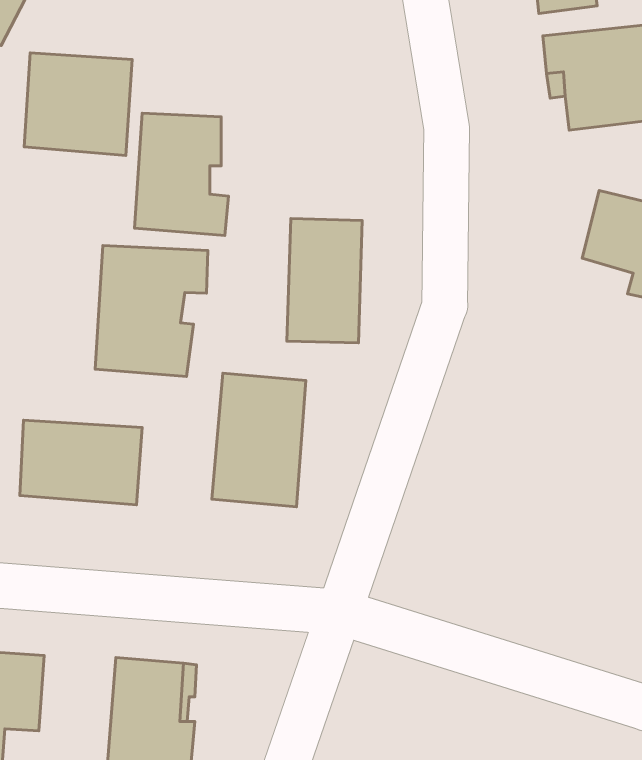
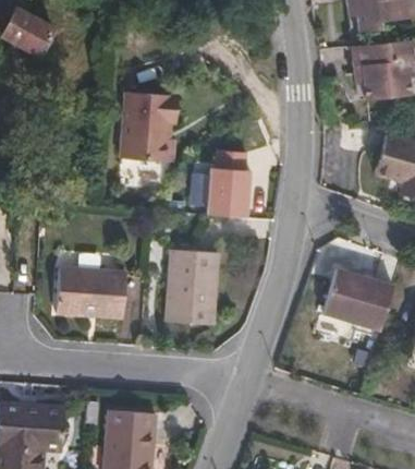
building: [24,53,132,155] -> none
building: [95,246,208,377] -> none
building: none -> [326,267,396,328]

